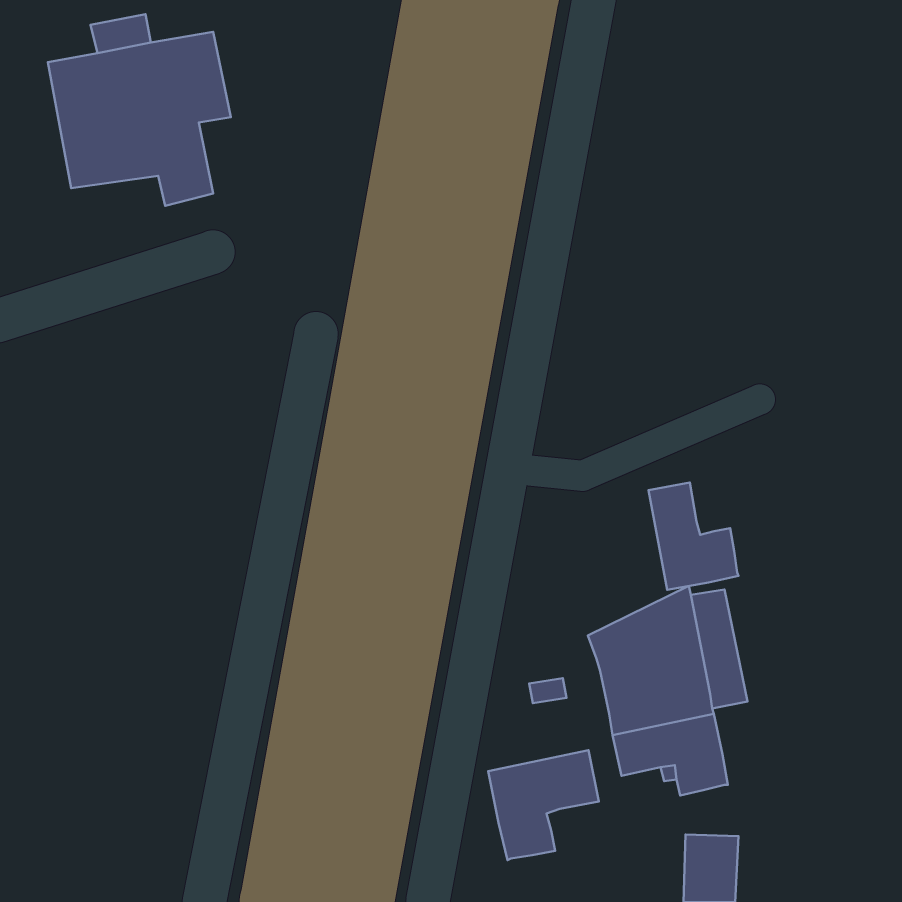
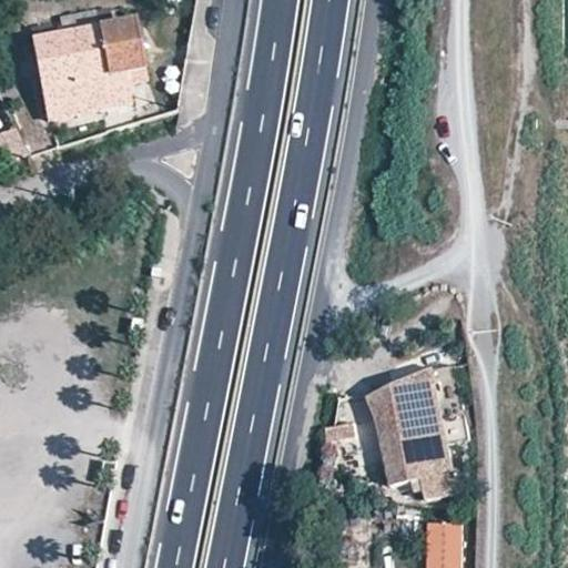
building: [649,483,739,590] -> none
building: [488,750,599,860] -> none

